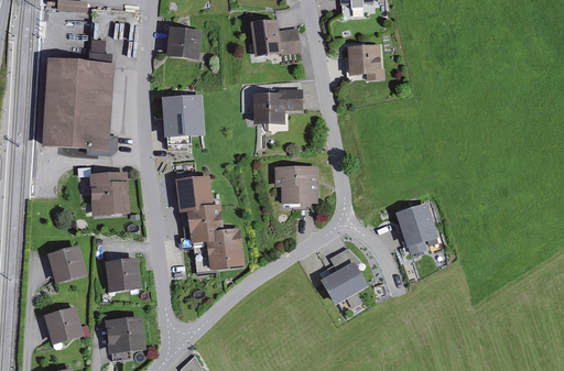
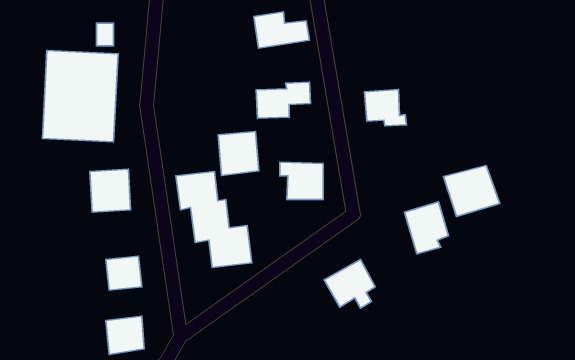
building: [165,29,203,61] -> none
building: [347,45,388,80] -> [365,90,406,126]
building: [164,95,204,138] -> [218,131,259,175]
building: none -> [443,165,500,217]
building: [50,243,88,281] -> none
building: [41,306,82,343] -> none

